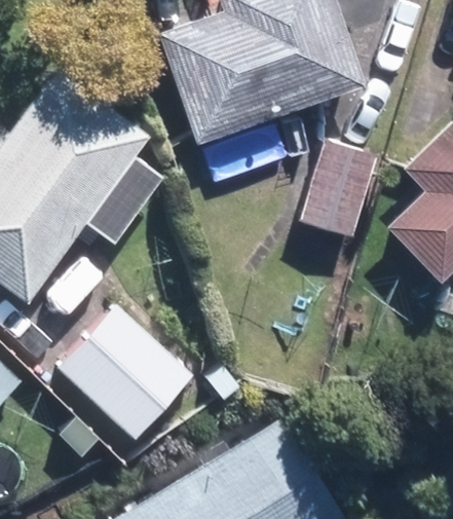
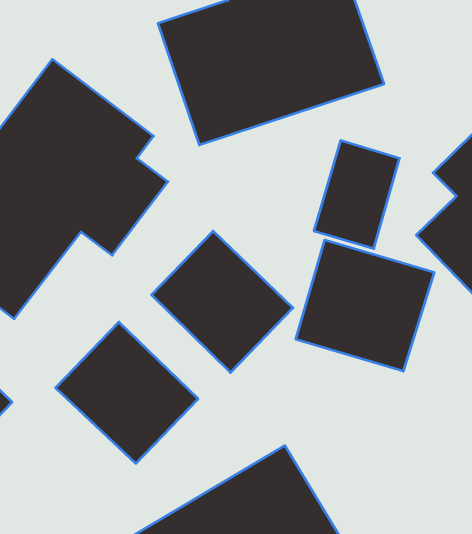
building: none -> [152,231,293,373]
building: none -> [296,240,434,371]

